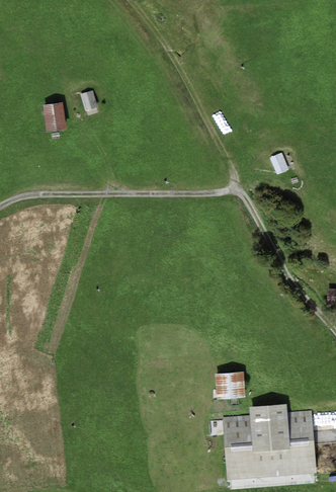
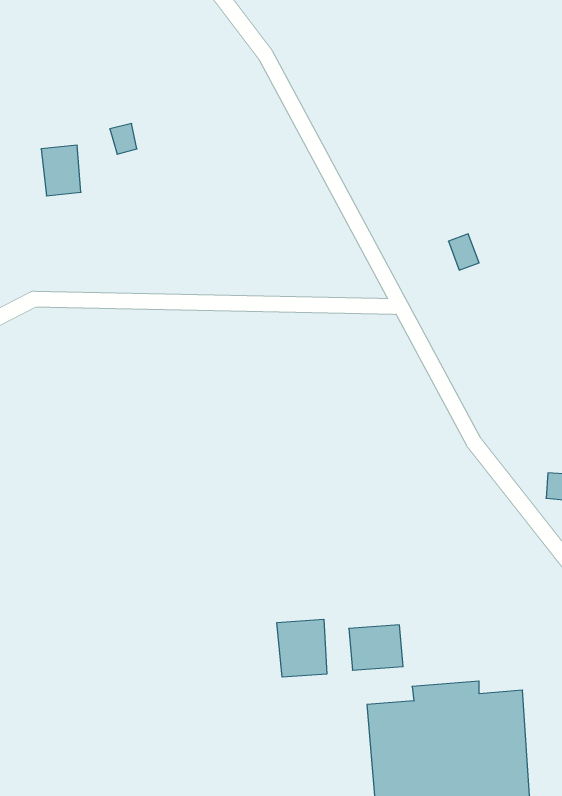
building: none -> [277,619,327,677]

